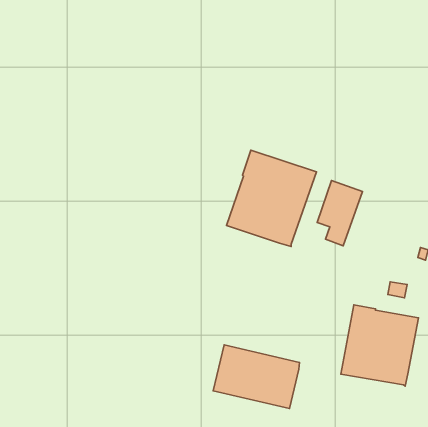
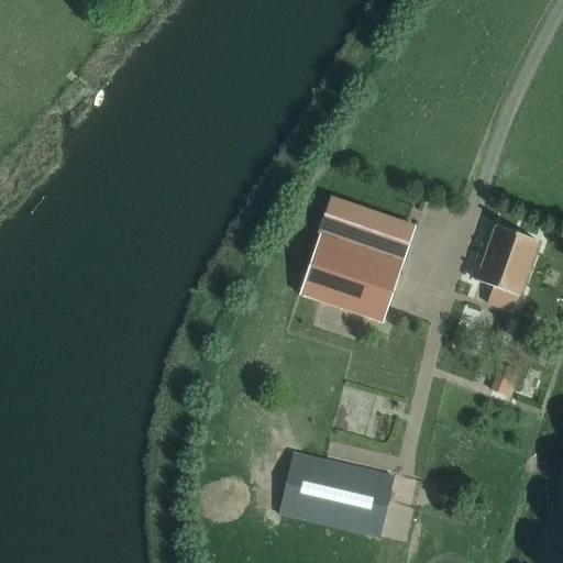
building: [317,181,362,246] -> [477,224,537,310]
building: [341,305,418,386] -> none

